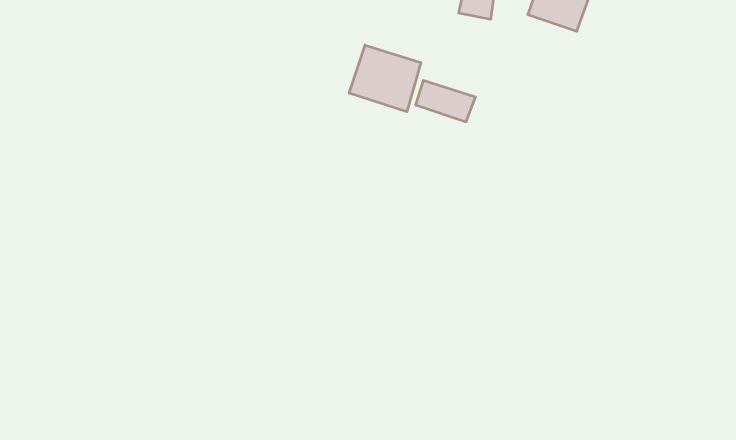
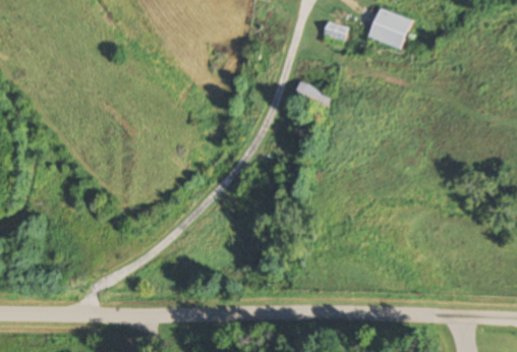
building: [349,45,421,112] -> none

